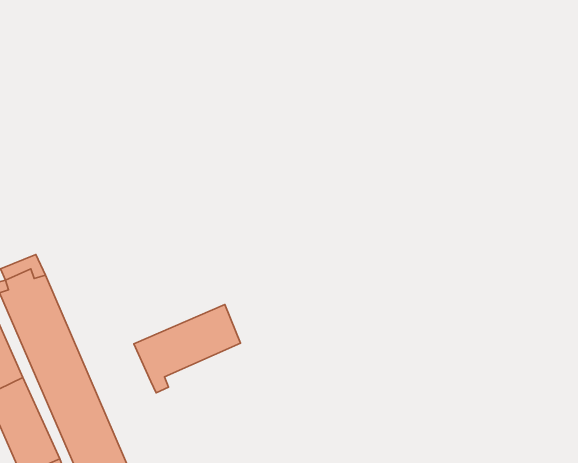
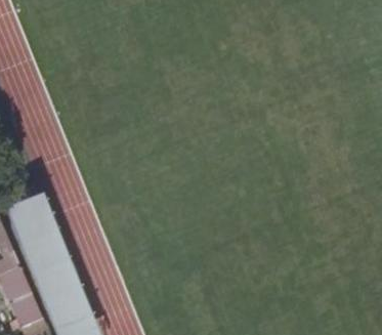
building: [134,304,241,393] -> none

